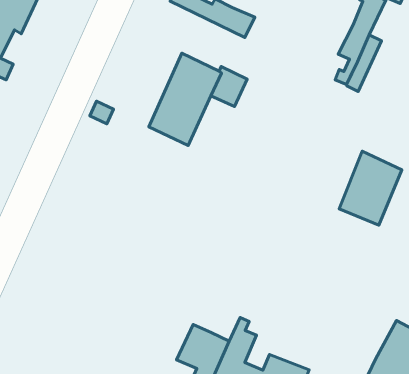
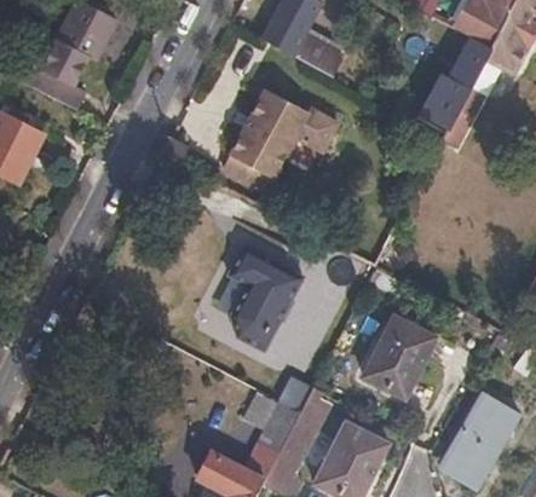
building: [339,151,402,225] -> [363,314,434,397]
building: none -> [243,253,304,349]

